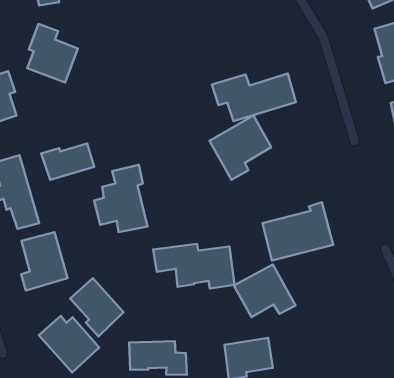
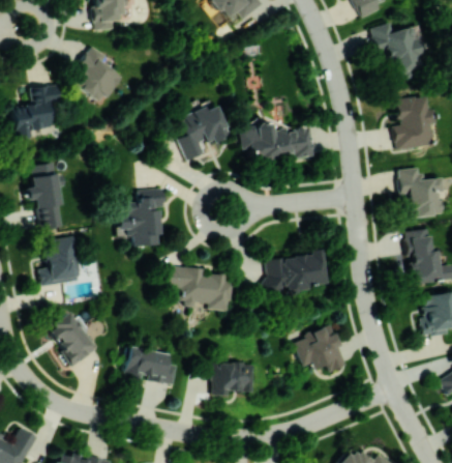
building: [209,116,271,180] -> [173,104,228,158]
building: [41,144,94,180] -> none
building: [234,264,295,317] -> [293,325,345,371]
building: [70,278,124,337] -> none

